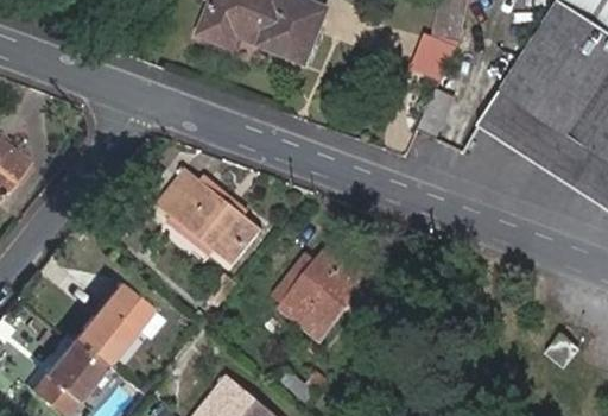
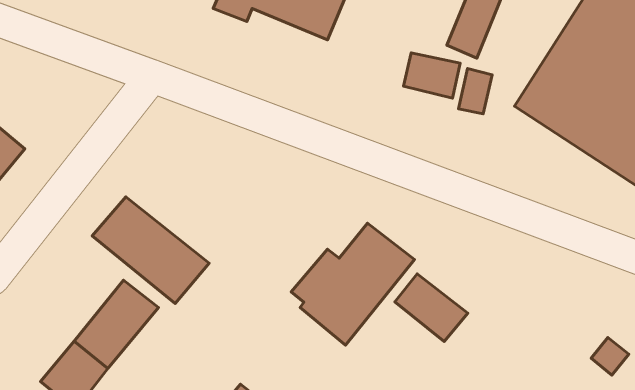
building: none -> [404,53,460,98]
building: [157,170,264,267] -> [92,197,209,303]
building: none -> [395,274,468,341]

